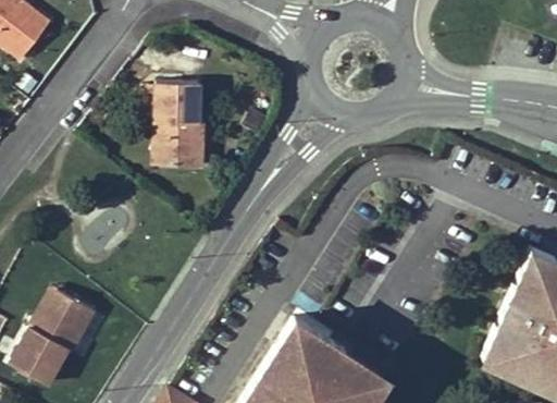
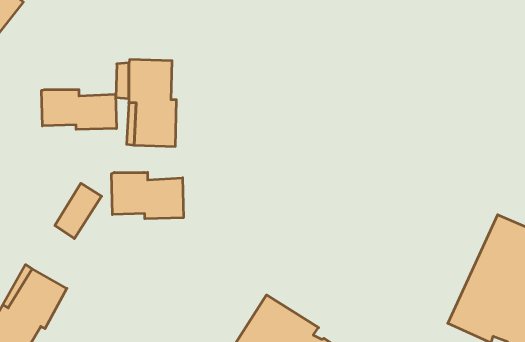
building: none -> [42,90,116,129]
building: none -> [112,172,183,219]

